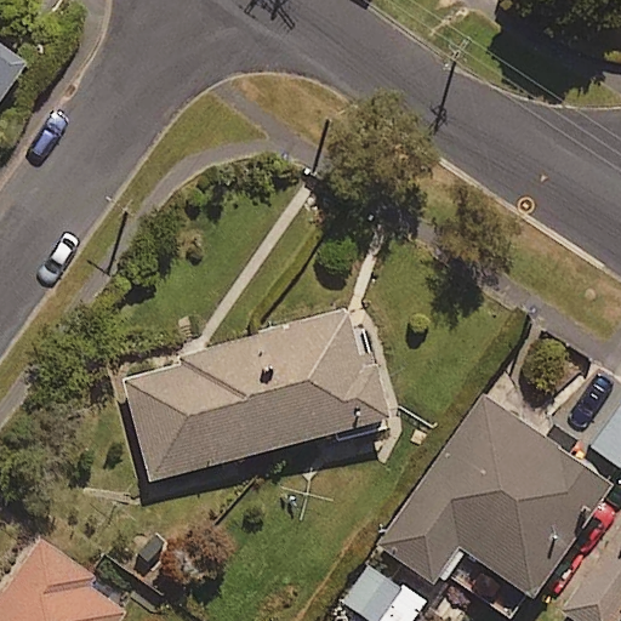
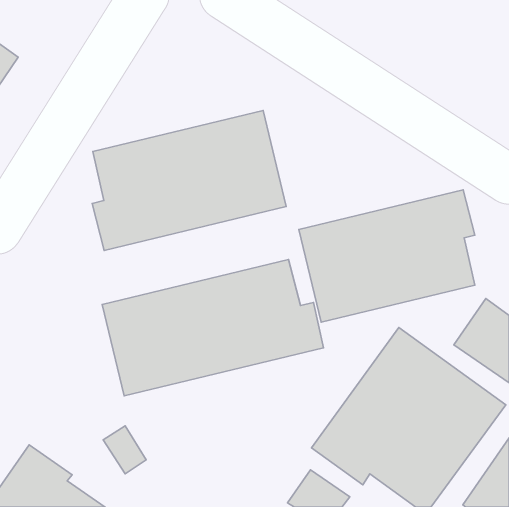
building: none -> [92,111,286,251]
building: none -> [299,190,475,322]

